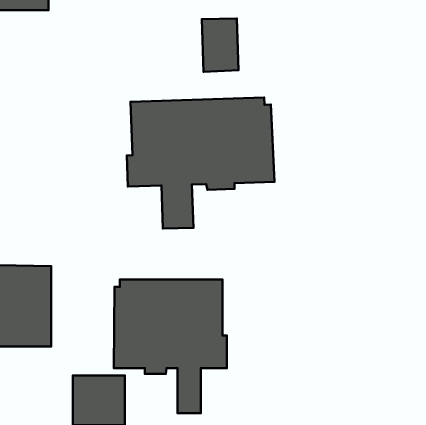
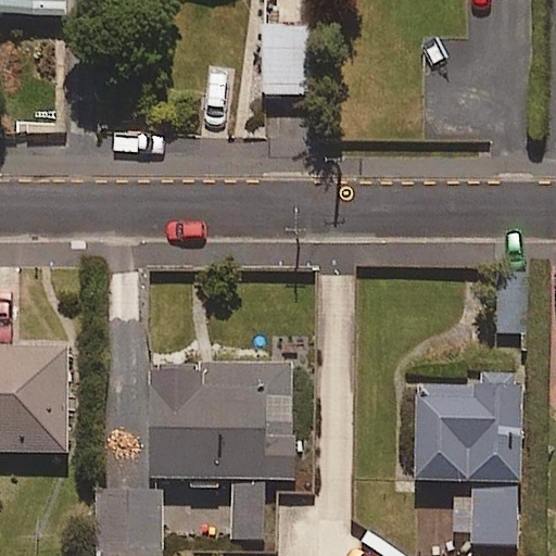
building: [127,98,275,229] -> none
building: none -> [414,374,522,543]

